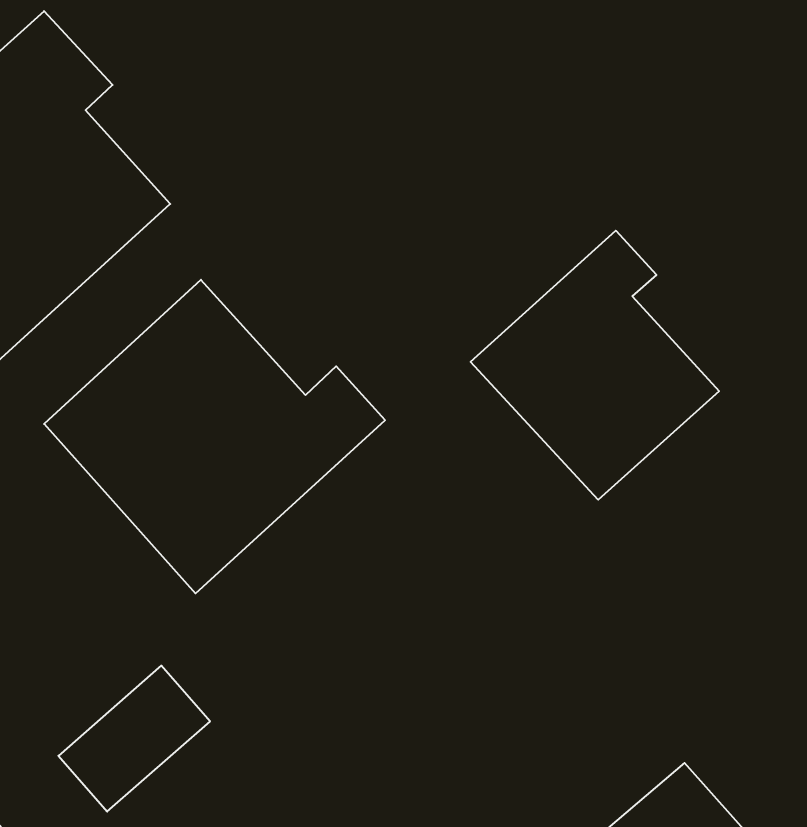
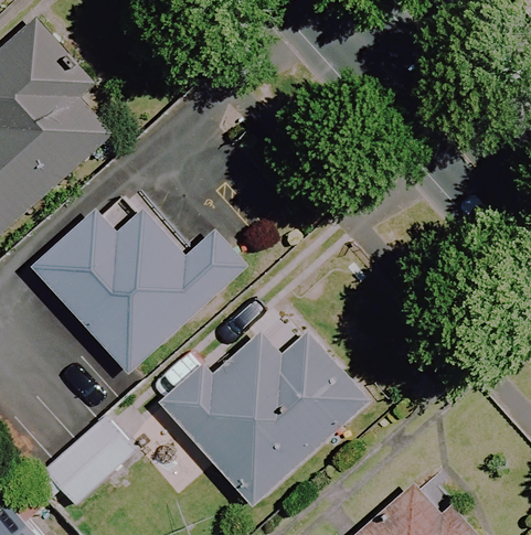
building: [471,231,719,500] -> none
building: none -> [163,331,369,509]

